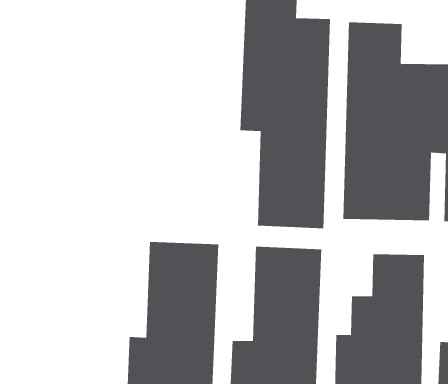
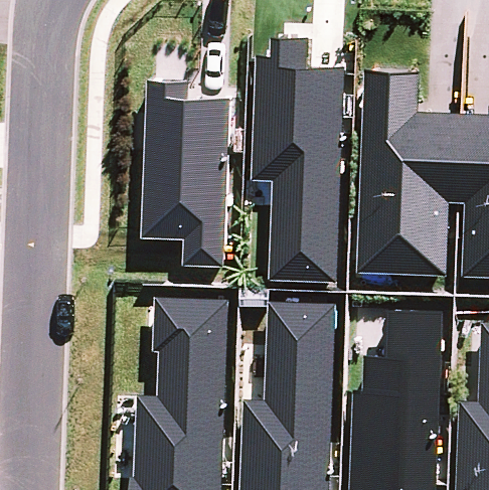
building: none -> [141,83,231,269]

